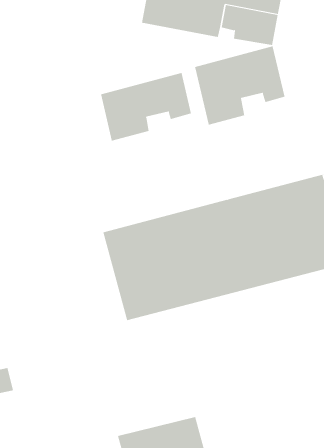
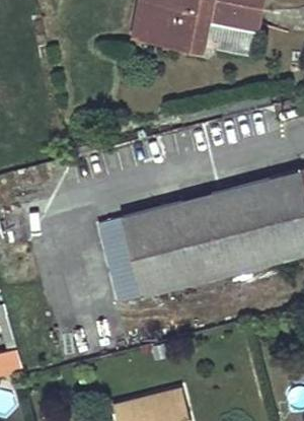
building: [195,46,285,125] -> none
building: [100,72,192,141] -> none

